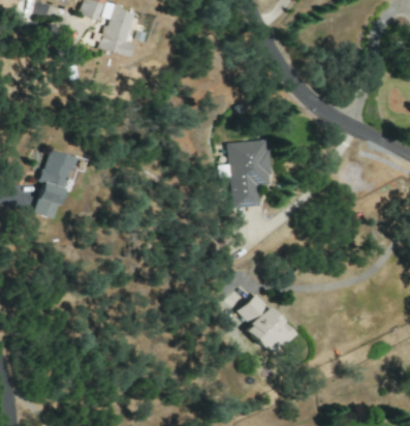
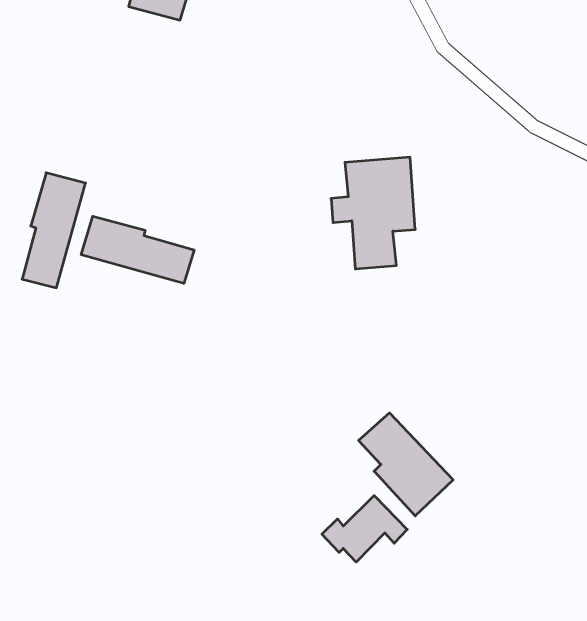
building: none -> [81,216,194,283]
building: none -> [322,496,407,562]

